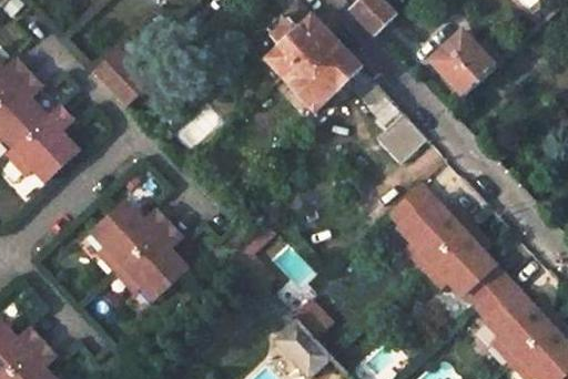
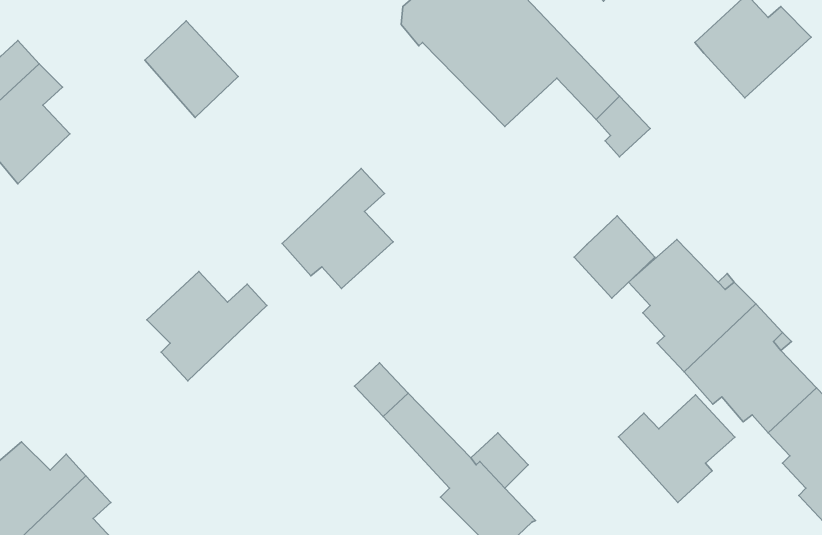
building: [6,106,77,183] -> none
building: [376,114,426,165] -> [574,216,655,298]
building: [116,224,185,298] -> [282,168,393,288]
building: none -> [619,395,735,503]

